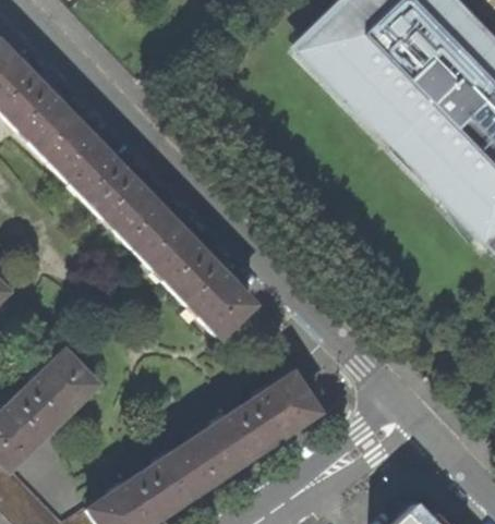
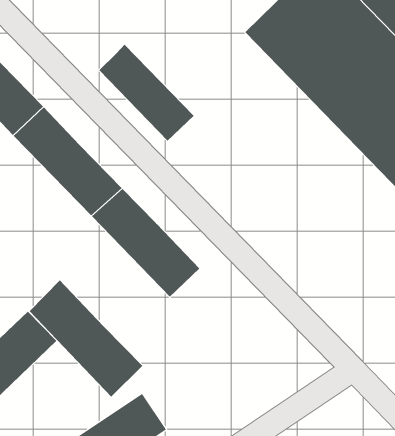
building: none -> [98,44,194,142]
building: none -> [29,279,143,398]
building: [193,370,323,477] -> none

